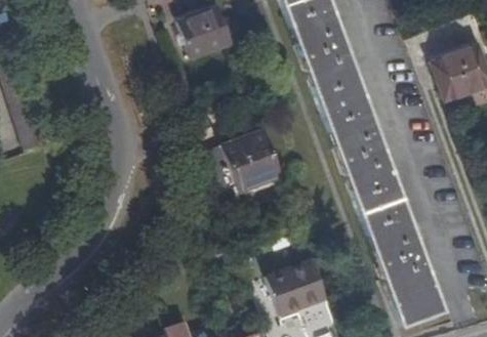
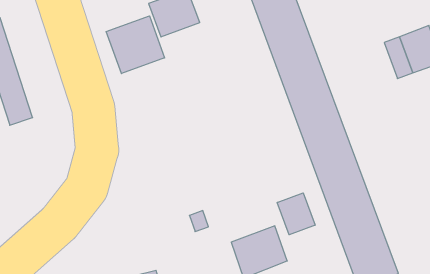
building: none -> [106,16,165,74]
building: [203,131,281,197] -> none
building: none -> [277,193,315,235]

